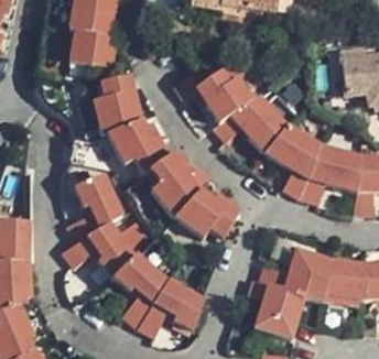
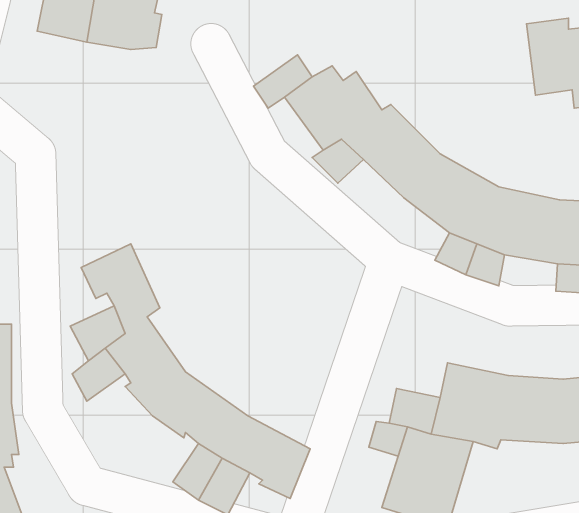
building: [90,74,237,238] -> none

